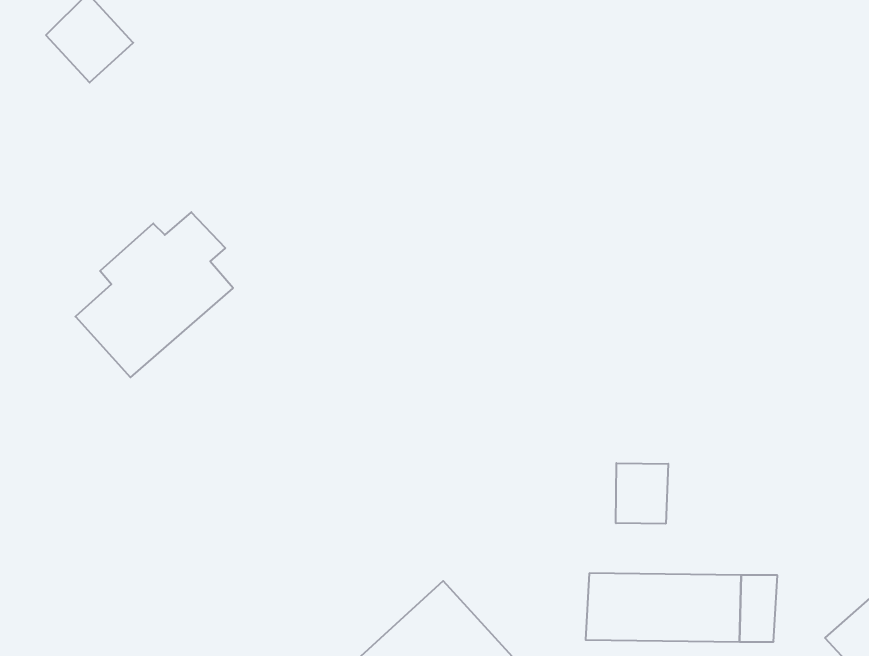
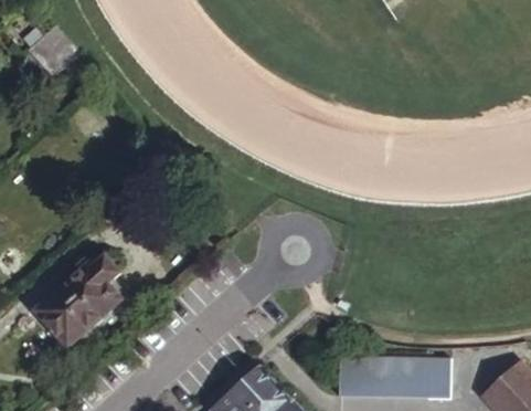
building: [75,212,233,377] -> [33,252,125,348]
building: [616,463,668,524] -> none

